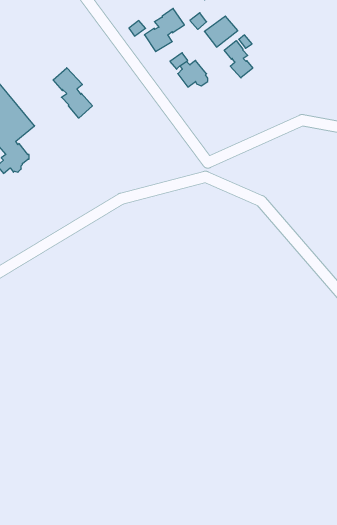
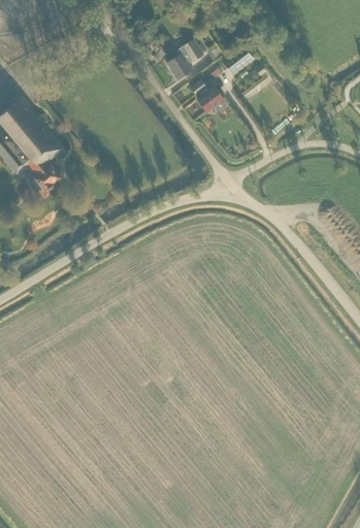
building: [224,41,253,78] -> none
building: [53,68,92,118] -> none

